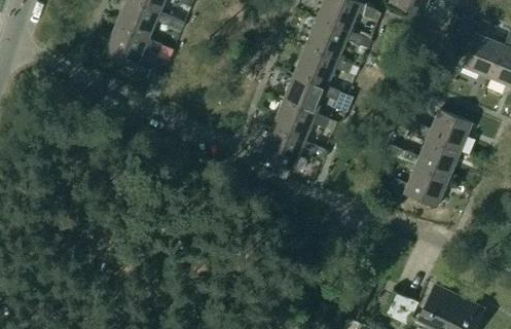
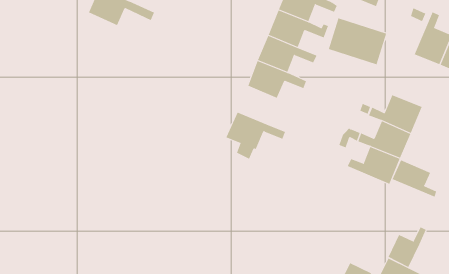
building: [101,22,173,69] -> none
building: none -> [328,18,387,65]
building: [273,101,337,142] -> none
building: none -> [392,159,437,198]
building: none -> [388,226,427,268]

